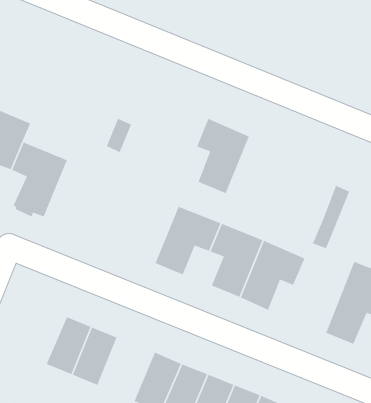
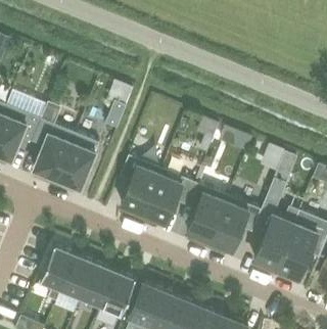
building: [196,118,250,194] -> [120,156,161,216]
building: none -> [57,135,99,191]
building: none -> [253,209,298,270]
building: none -> [38,247,75,302]
building: none -> [99,273,135,319]

